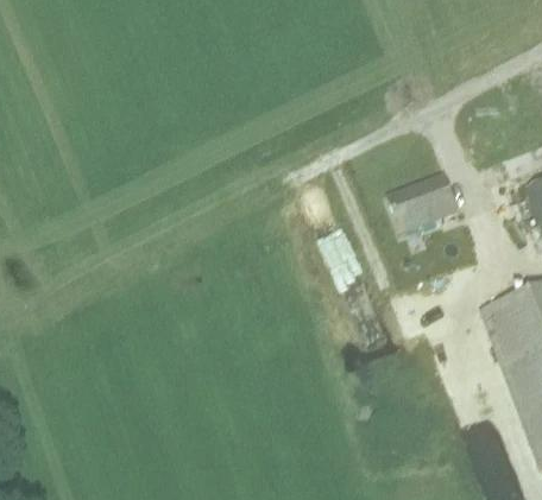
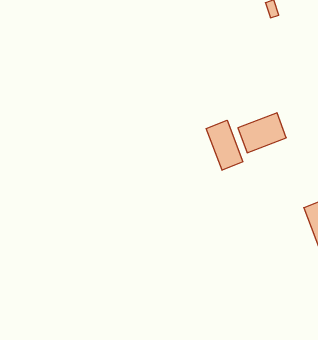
building: none -> [206,120,243,170]

